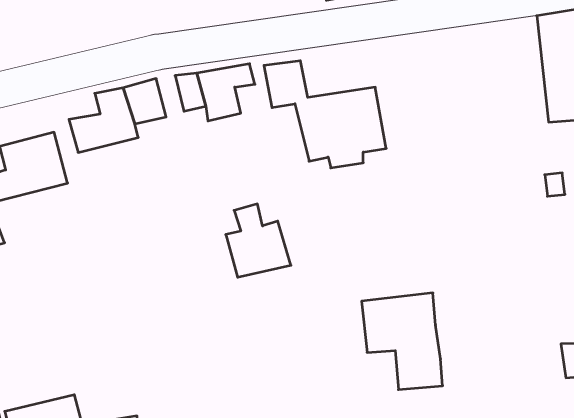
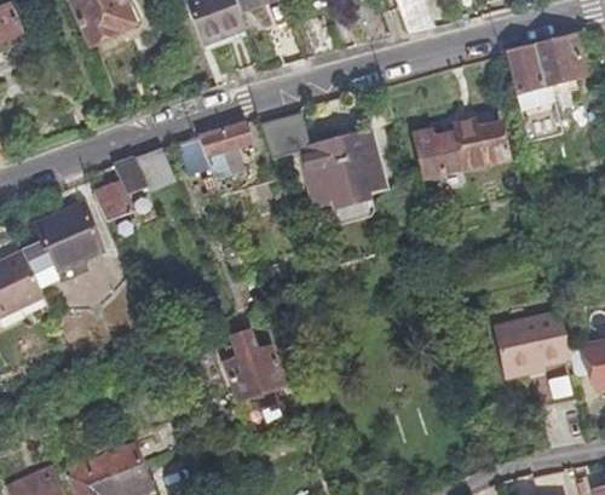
building: none -> [411,115,506,172]
building: [226,204,291,277] -> [225,327,288,396]
building: [362,293,443,390] -> [495,313,578,405]

